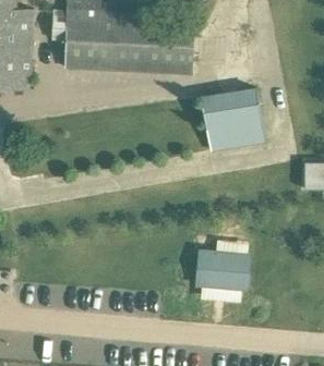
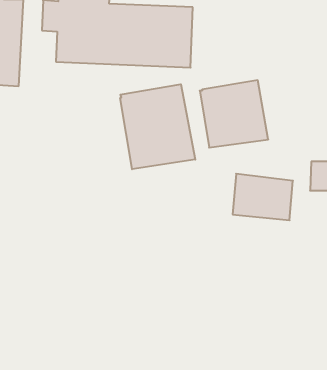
building: none -> [120,84,195,169]
building: [196,248,253,292] -> [233,174,293,220]

